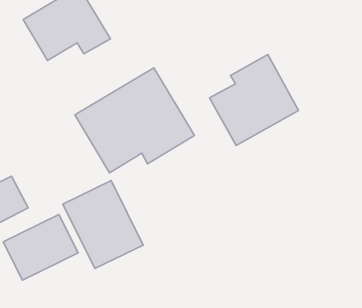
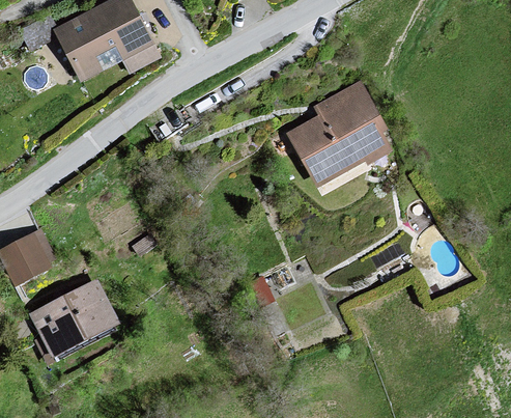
building: [75,68,195,173] -> none
building: [63,181,143,269] -> none

